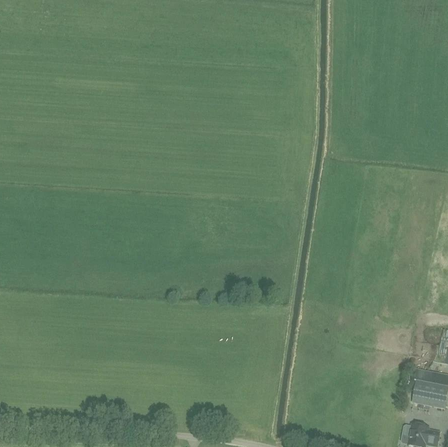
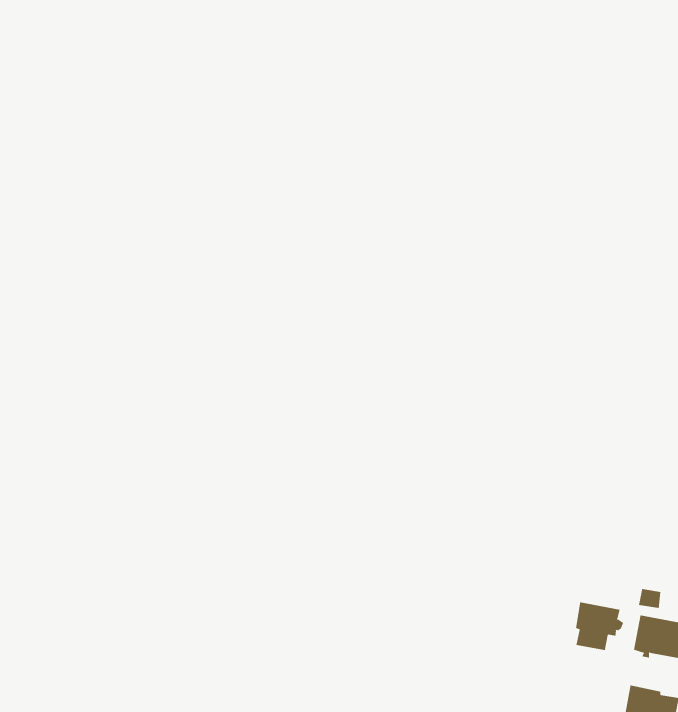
building: none -> [576,601,624,651]

